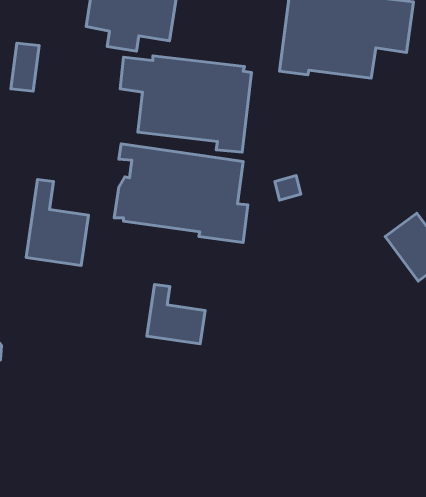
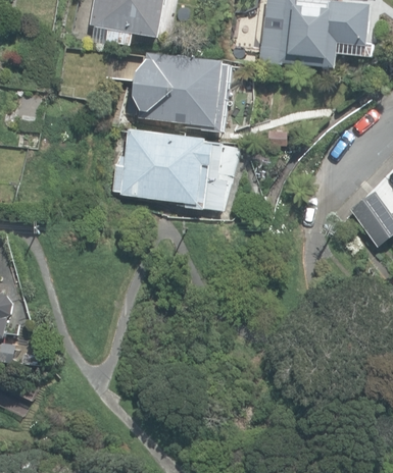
building: [26,180,88,265] -> none
building: [147,284,205,344] -> none

